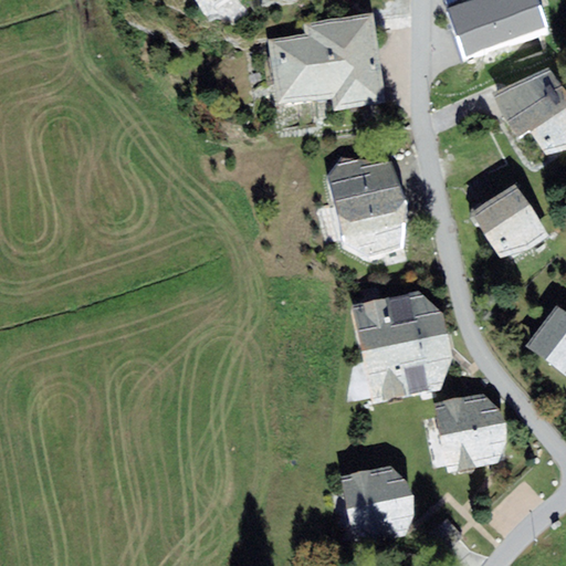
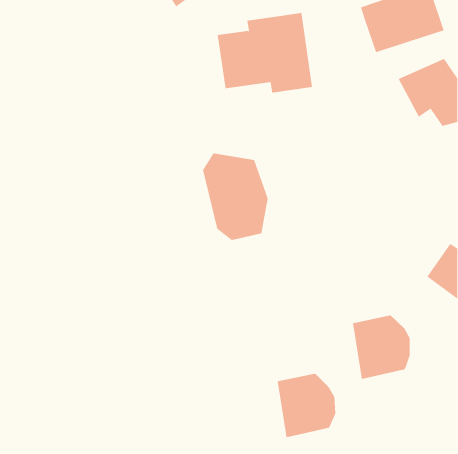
building: [327,154,409,262] -> [202,153,268,241]
building: [470,188,547,256] -> none
building: [353,284,453,398] -> none

